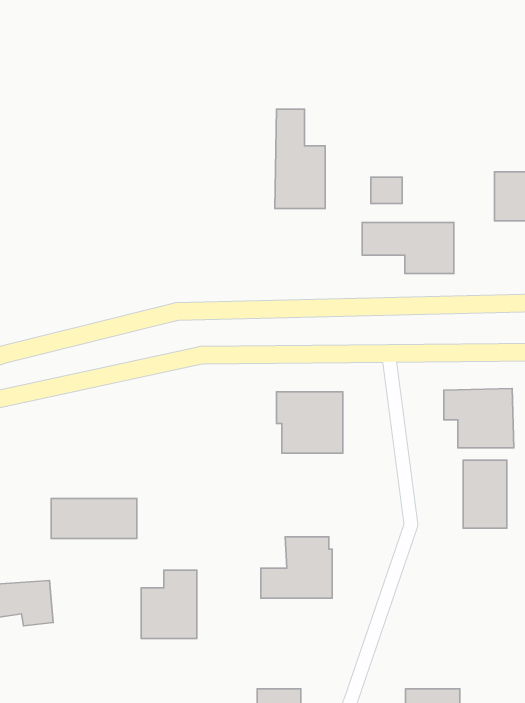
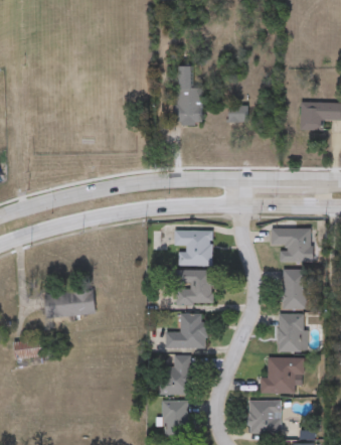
building: [362,223,454,273] -> none
building: none -> [177,269,213,304]
building: none -> [277,314,304,350]
building: [141,570,197,638] -> [159,355,191,395]
building: none -> [260,357,304,393]

